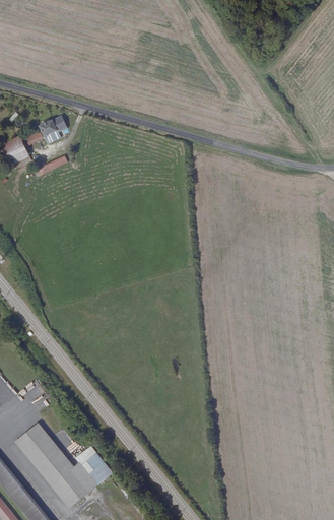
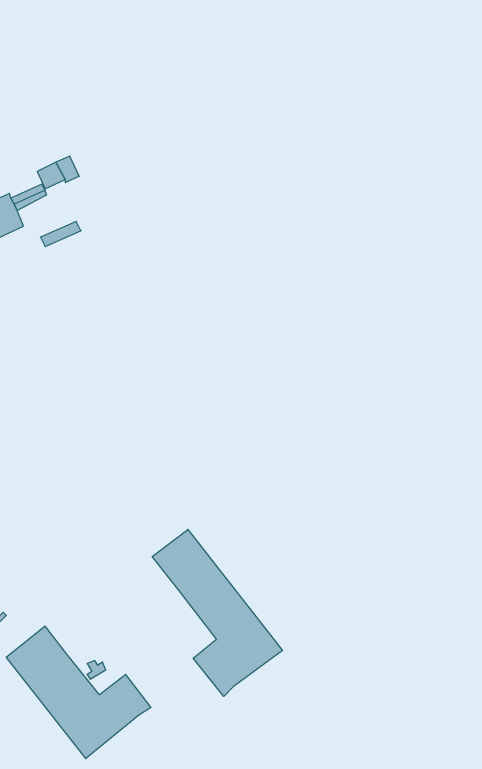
building: none -> [152,529,283,696]

